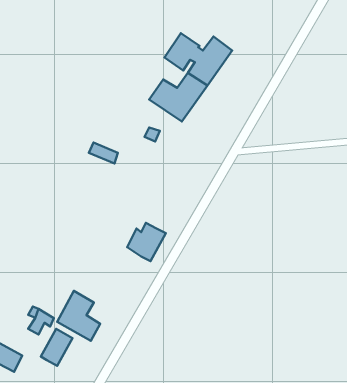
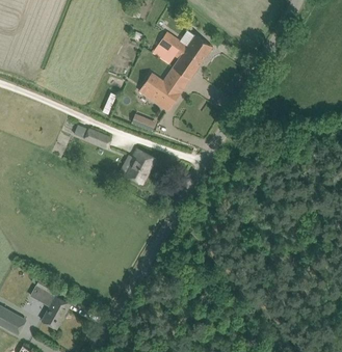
building: [127,223,166,261] -> [120,148,154,183]
building: [57,291,100,341] -> none

